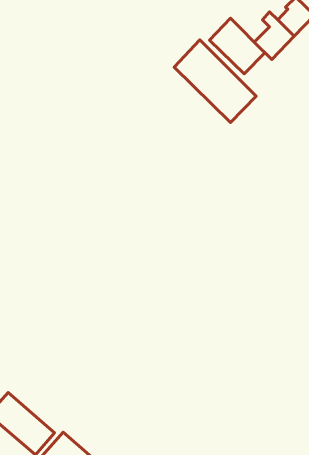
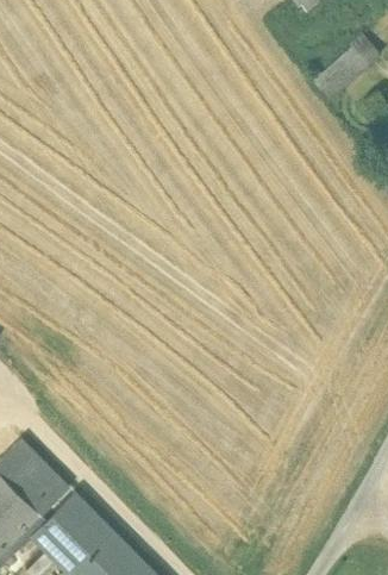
building: [210,18,265,74] -> none
building: [174,40,256,122] -> none

